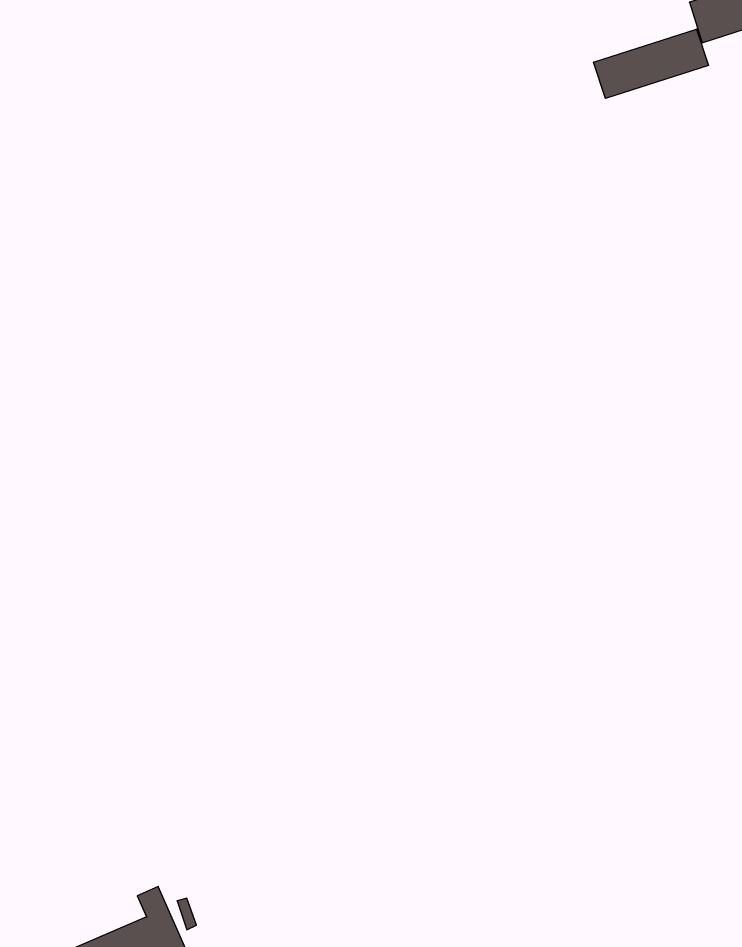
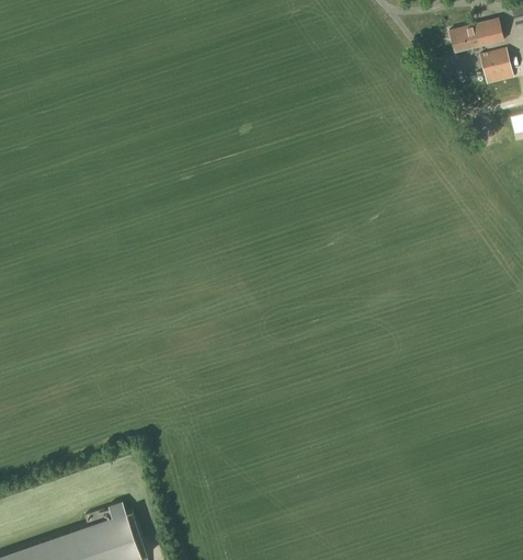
building: [594,29,708,98] -> none

